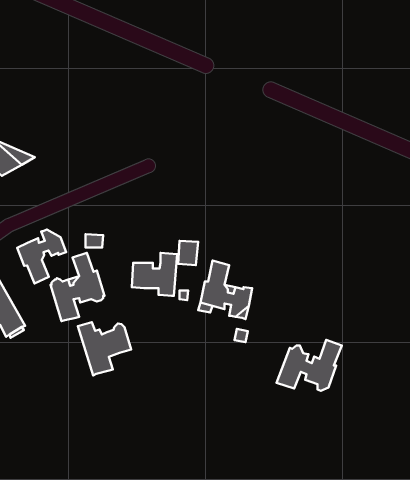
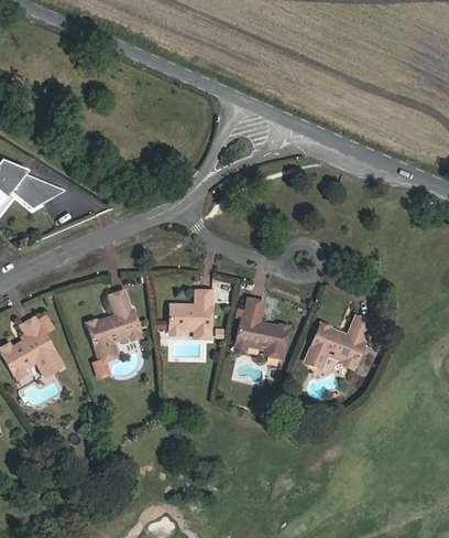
building: [17,229,66,283] -> none
building: [78,322,131,375] -> none
building: [277,340,342,391] -> [305,318,370,368]

